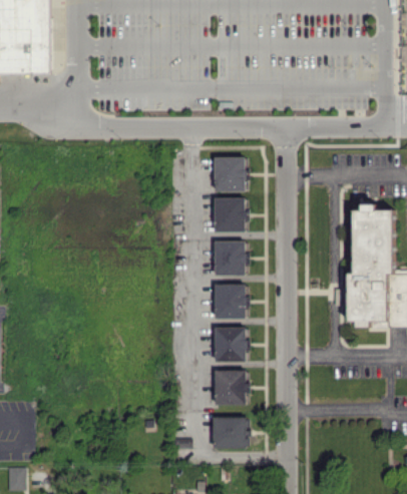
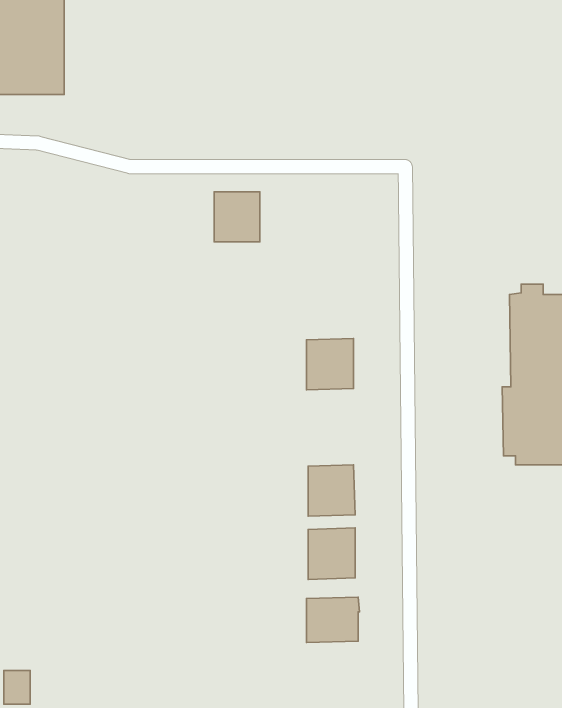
building: [214,156,245,190] -> [214,192,260,242]
building: [214,196,246,231] -> none
building: [214,283,247,317] -> none

